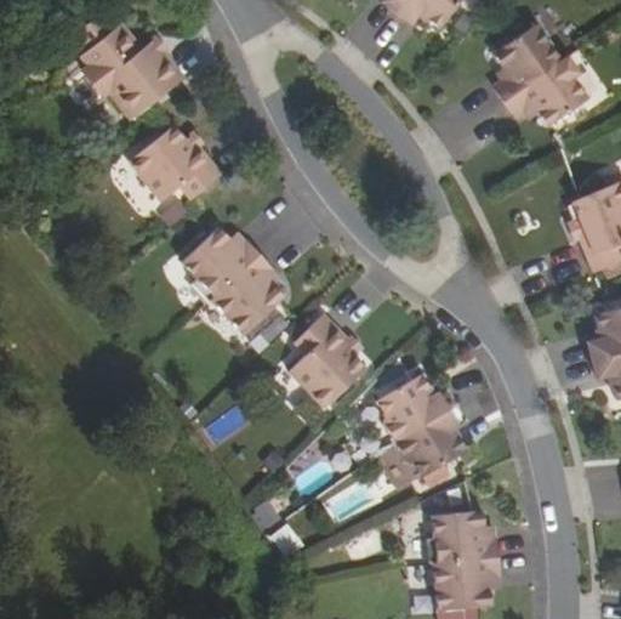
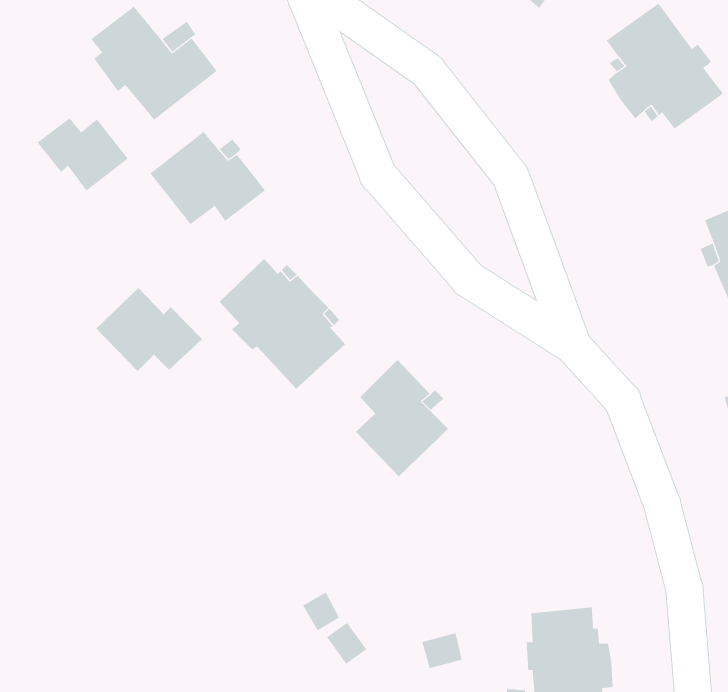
building: none -> [37,118,128,191]
building: none -> [96,287,203,372]
building: [374,373,465,473] -> none

